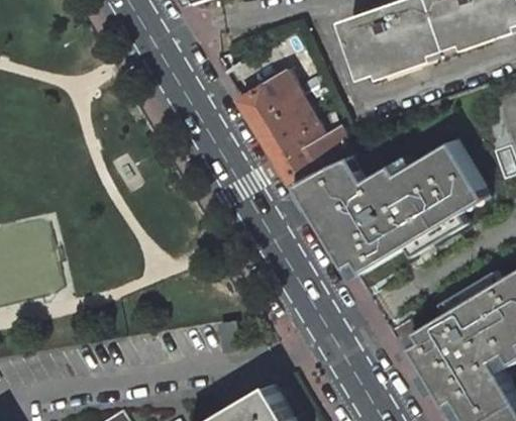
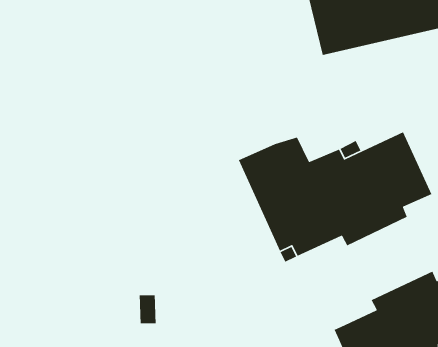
building: [237,72,352,187] -> none

